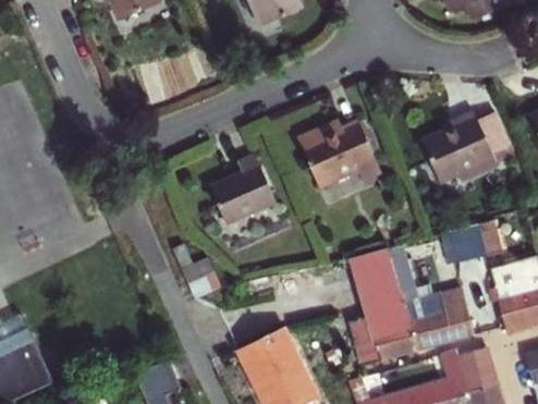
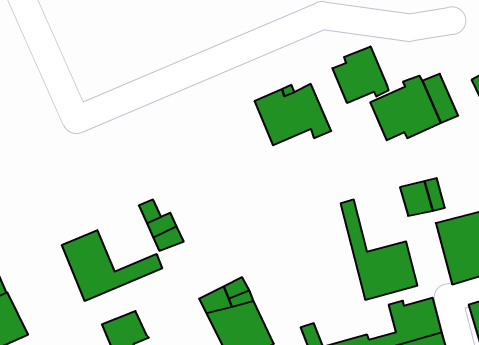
building: none -> [332,46,388,103]
building: [208,155,276,224] -> none
building: [351,247,415,364] -> none
building: none -> [62,230,162,301]

